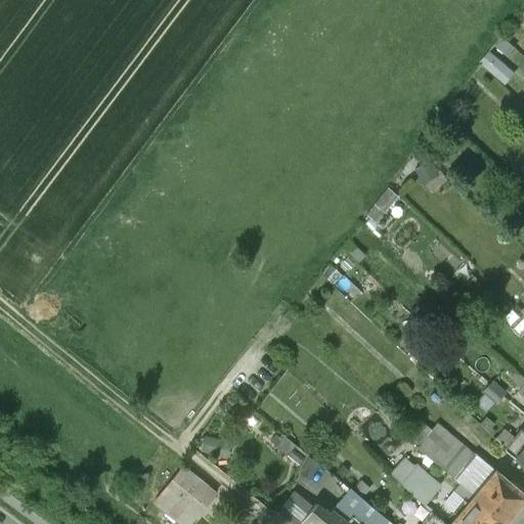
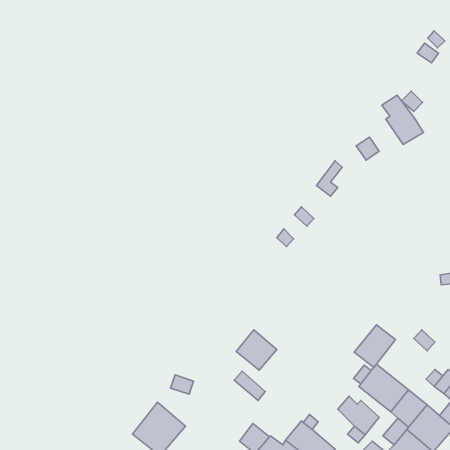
building: none -> [382,95,424,144]
building: none -> [354,325,396,368]
building: none -> [236,330,277,370]

